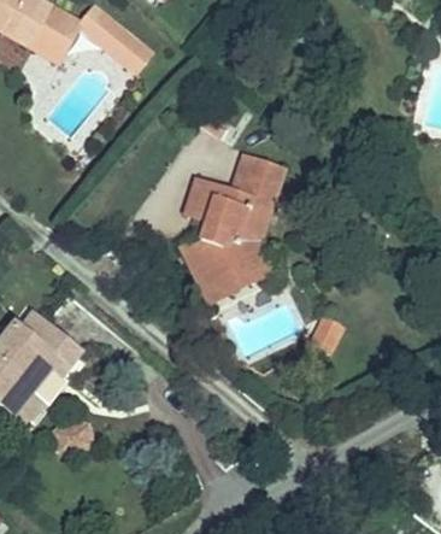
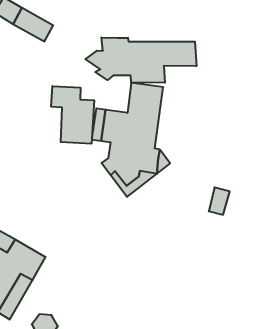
building: none -> [85,37,196,83]
building: none -> [51,86,94,144]

